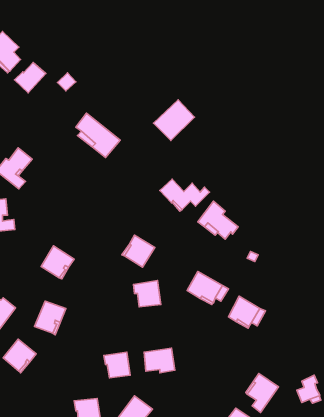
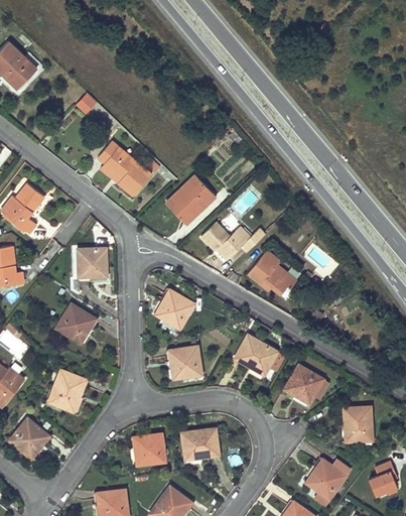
building: [14,63,46,93] -> none
building: [153,100,195,140] -> [165,175,216,225]
building: none -> [77,248,106,277]
building: none -> [343,406,372,441]

